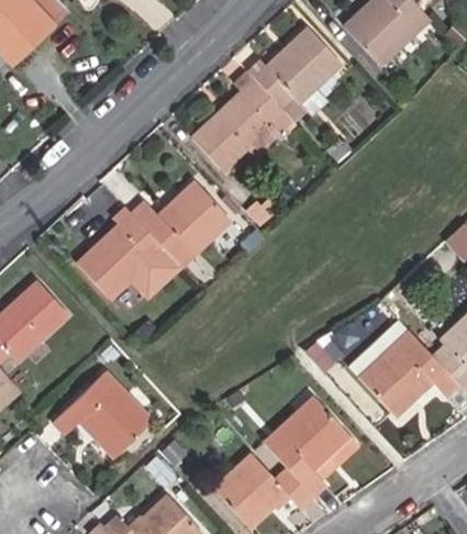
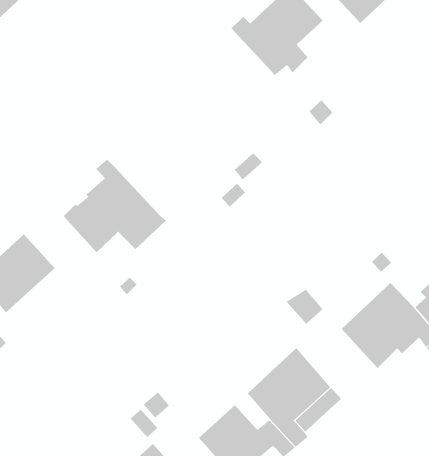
building: [190,71,297,170] -> none
building: [130,180,231,267] -> none
building: [53,372,152,458] -> none

